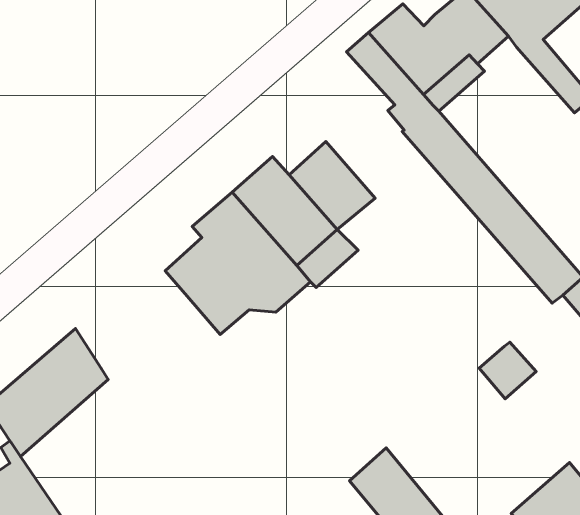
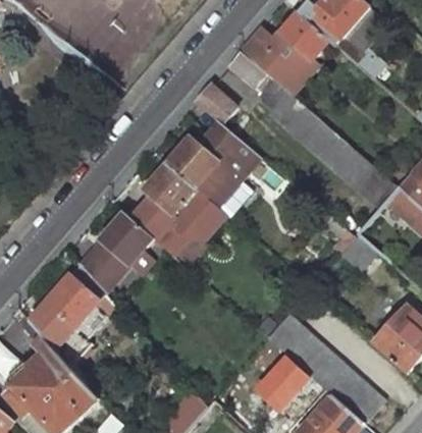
building: none -> [195,83,235,122]
building: none -> [78,213,147,288]

